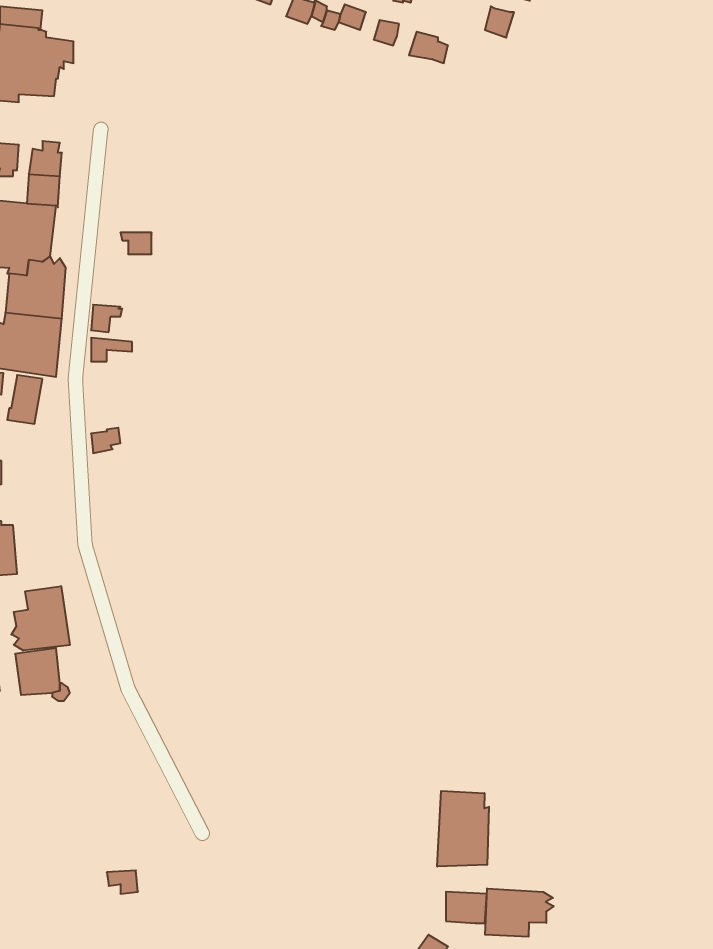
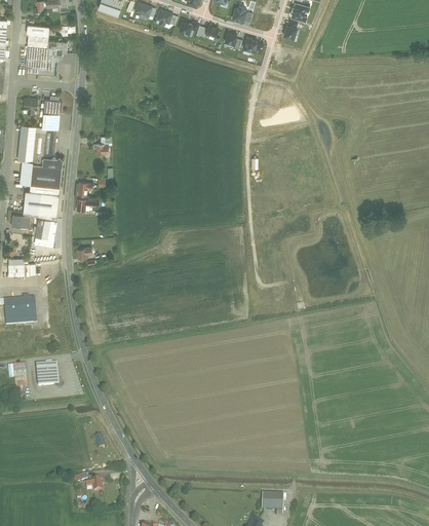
building: [11,586,70,651] -> none
building: [437,791,489,867] -> none
building: [485,888,554,937] -> none

